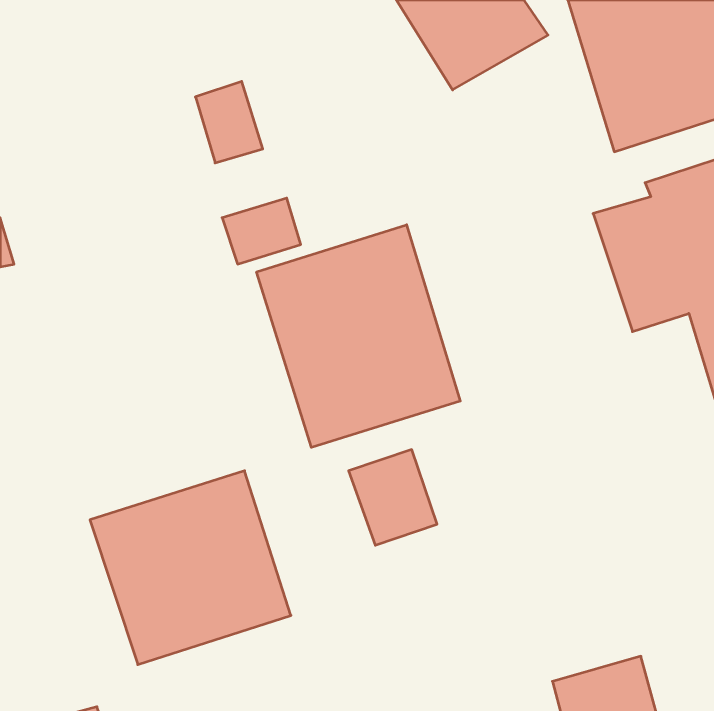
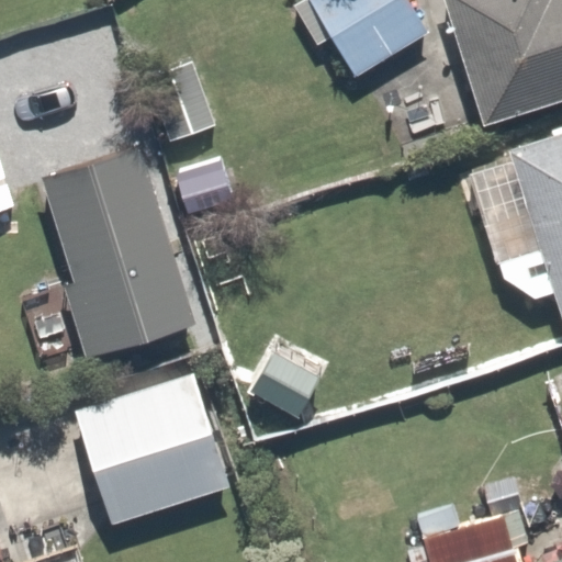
building: none -> [41,145,196,355]
building: [257,225,460,447] -> none

